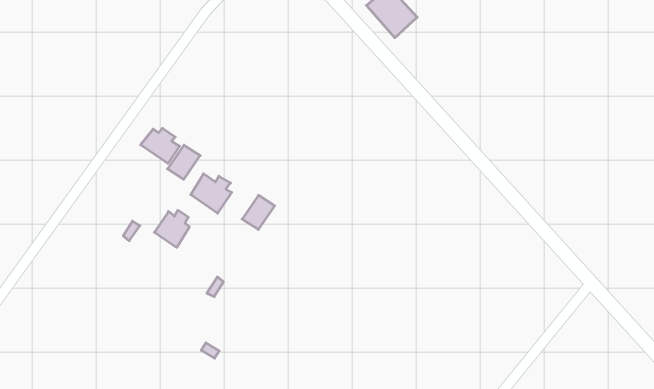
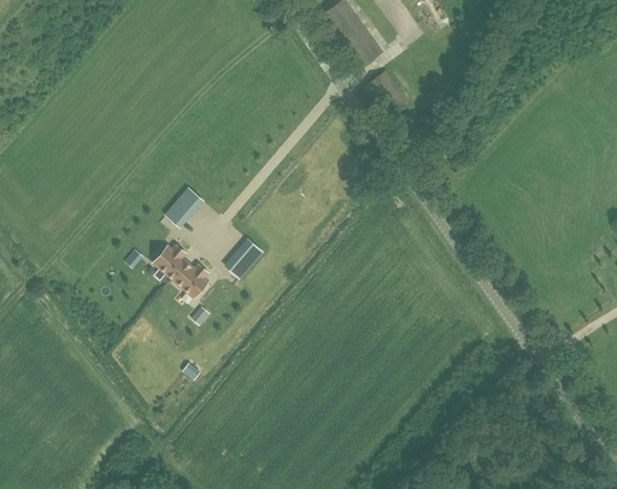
building: [141,128,180,163] -> none
building: [191,174,232,213] -> [170,260,206,296]

